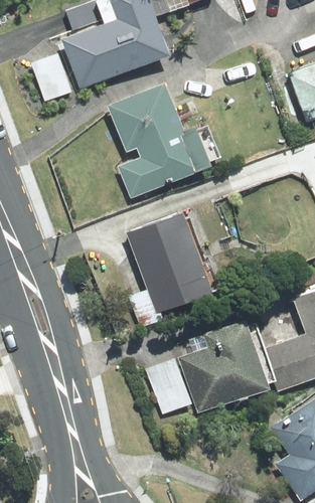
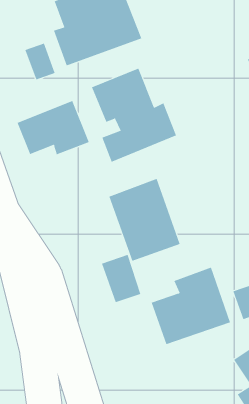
building: none -> [17,100,90,155]
building: [143,359,189,415] -> [101,254,141,303]

